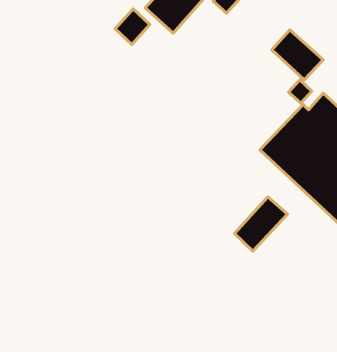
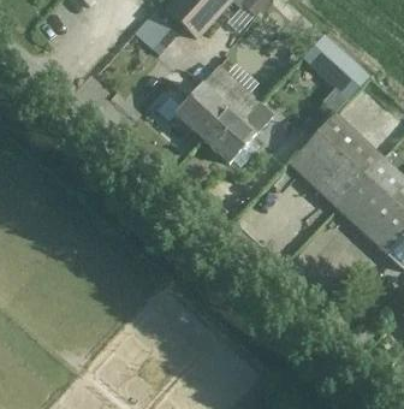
building: none -> [176,64,275,162]
building: [234,197,288,251] -> none

